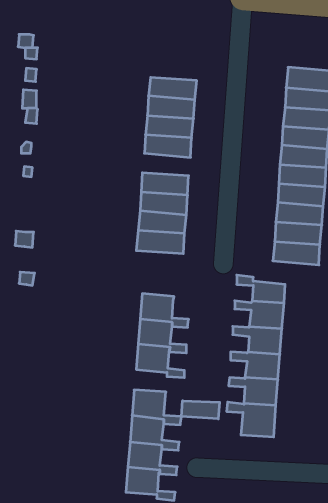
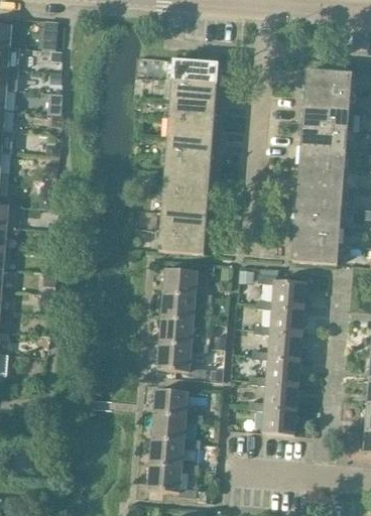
building: none -> [172,59,219,83]
building: none -> [164,154,212,176]
building: none -> [164,267,212,301]
building: [181,401,220,419] -> none

